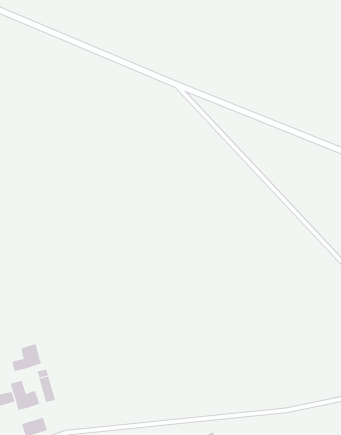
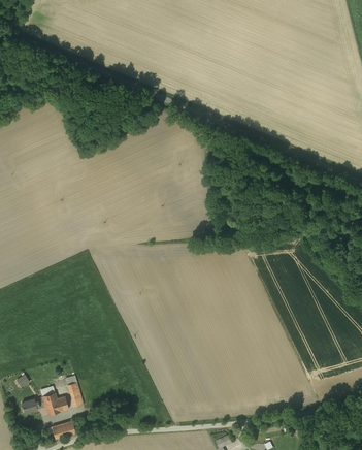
building: [12,343,42,372] -> none

